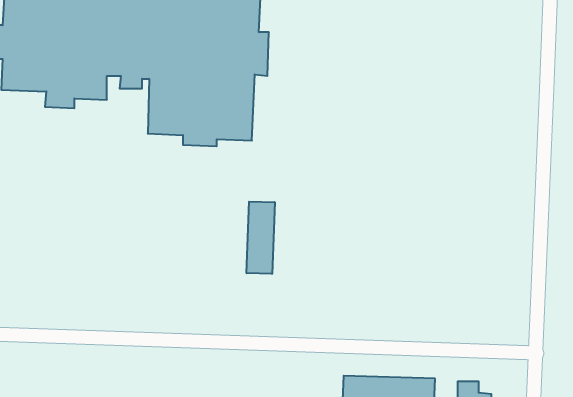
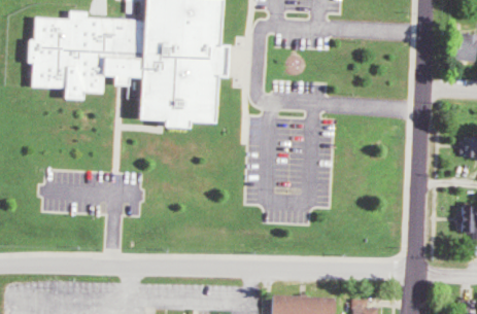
building: [247,202,275,274] -> none

